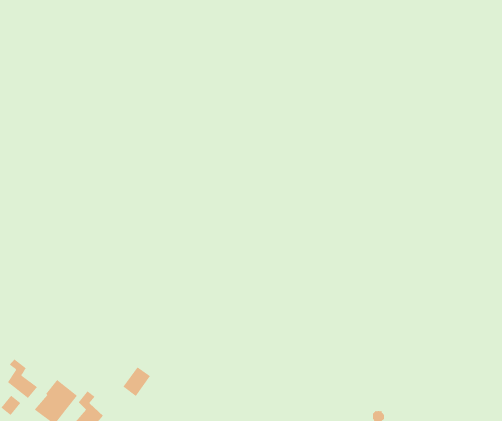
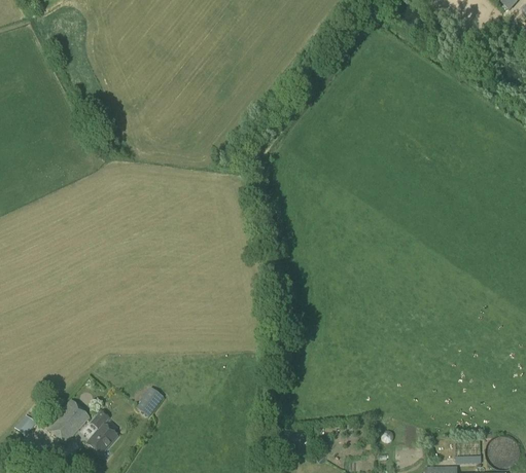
building: [7,358,38,399] -> none

